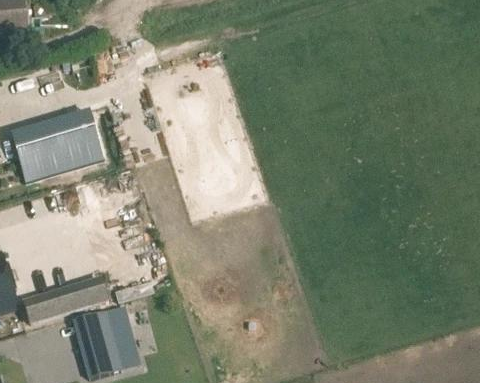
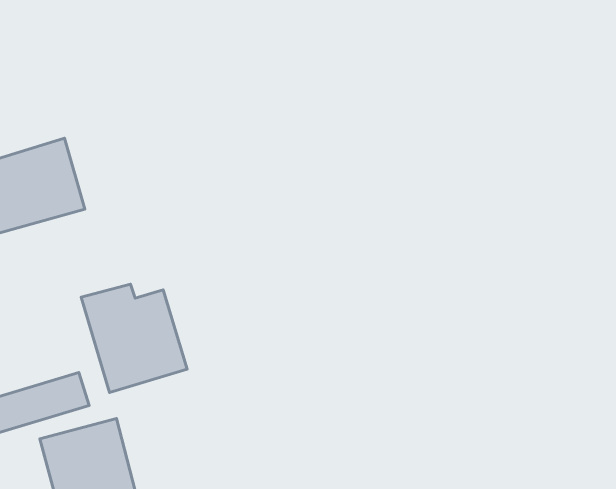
building: none -> [81,284,187,392]

